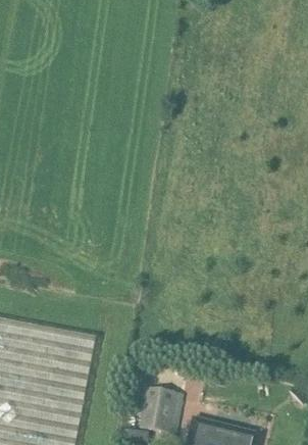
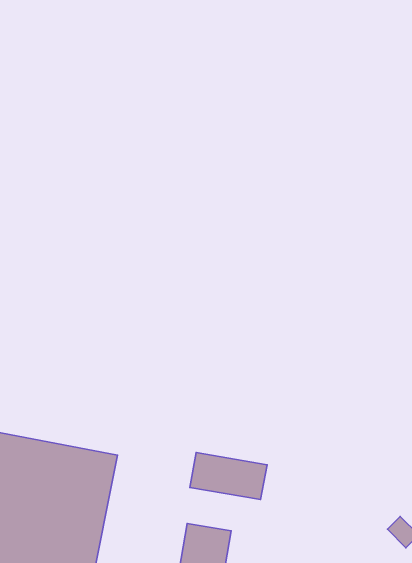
building: none -> [190,453,267,500]

